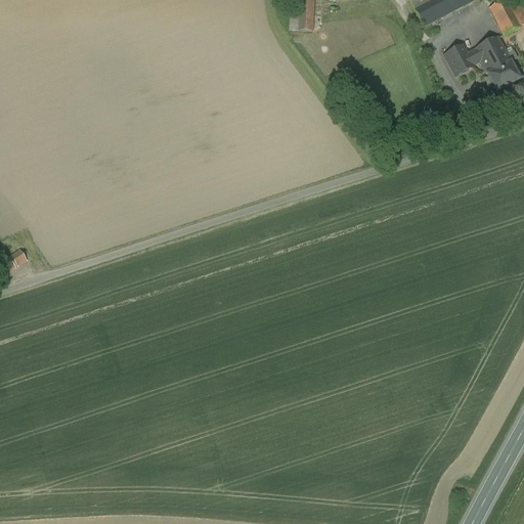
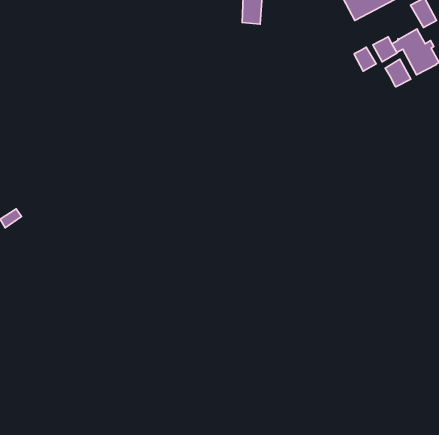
building: none -> [354,47,376,71]
building: none -> [385,59,411,87]

